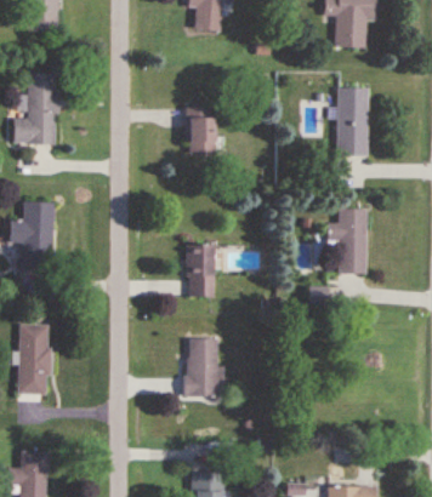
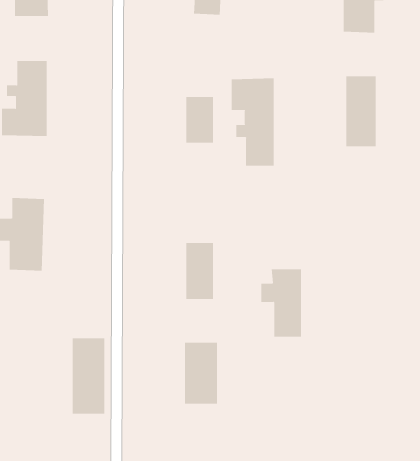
building: none -> [231,77,274,167]
building: [328,208,366,273] -> [261,269,302,337]
building: [18,324,50,395] -> [72,338,105,414]

